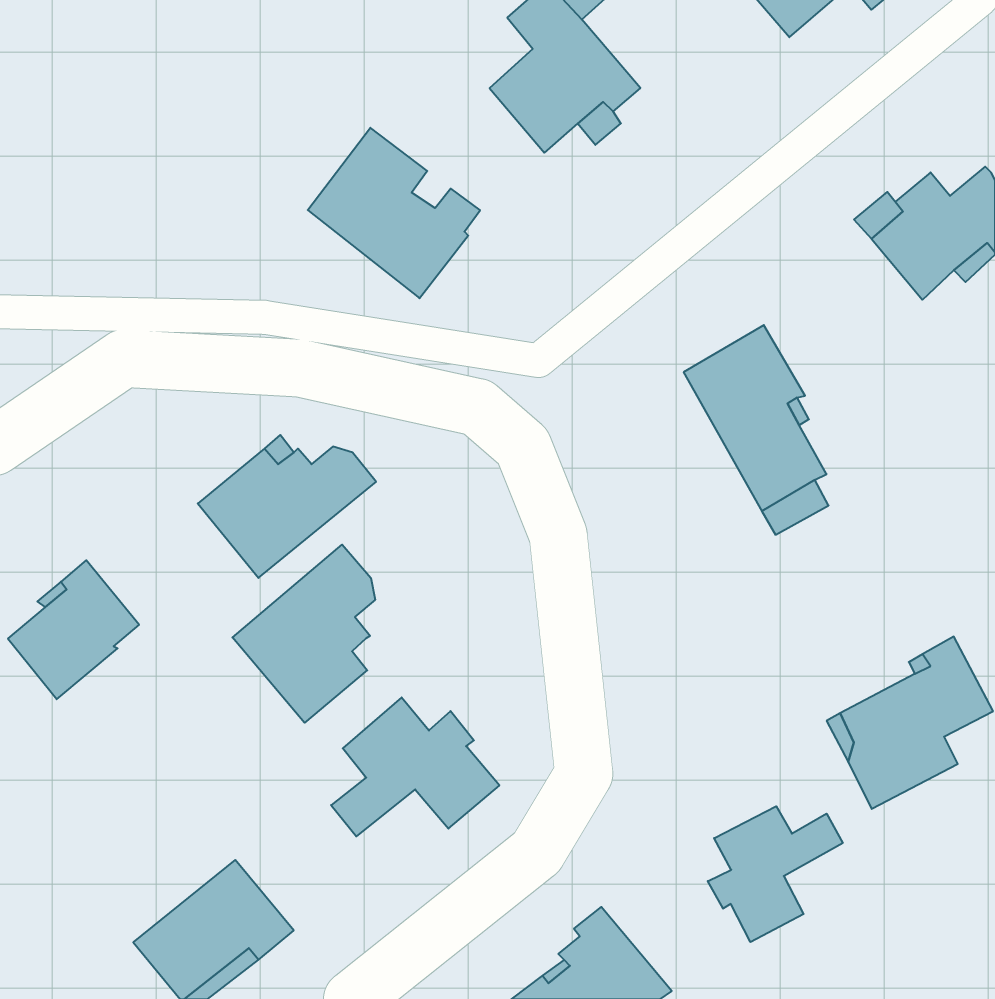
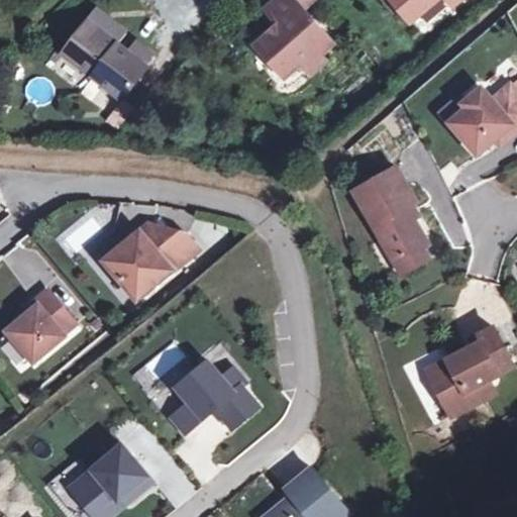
building: [308,128,480,298] -> [61,11,149,99]
building: [232,545,375,723] -> none
building: [708,806,843,942] -> none

